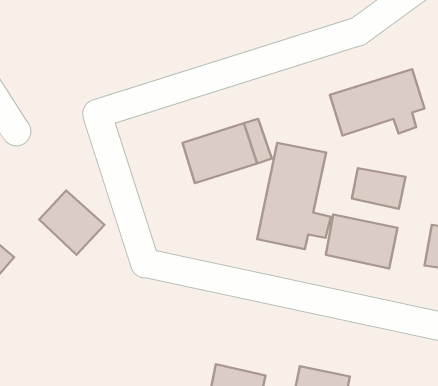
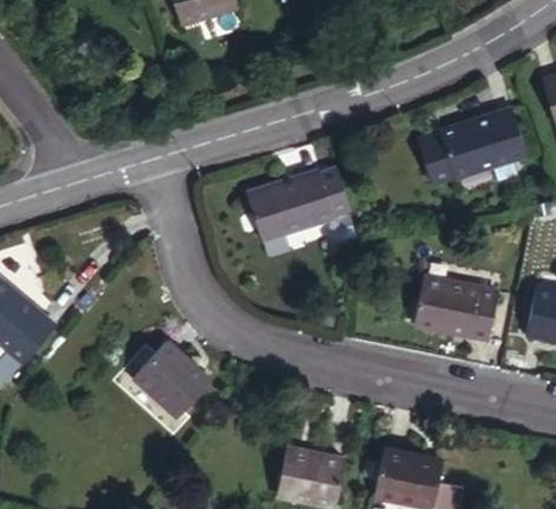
building: [257,143,331,249] -> none
building: [352,168,406,209] -> none
building: [39,191,105,255] -> [134,342,209,416]

